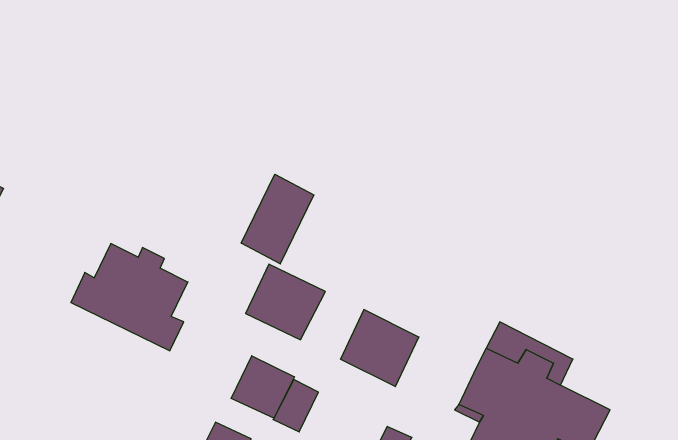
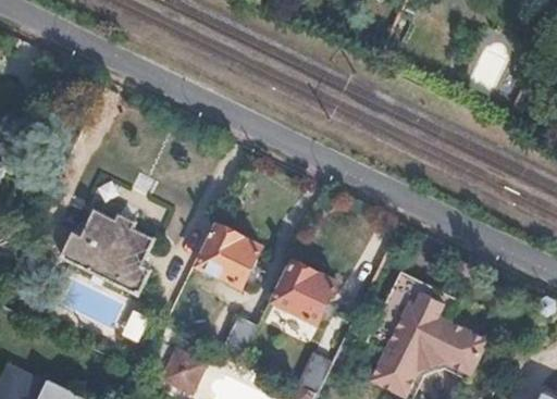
building: [241,174,314,264] -> none
building: [231,356,294,418] -> none

